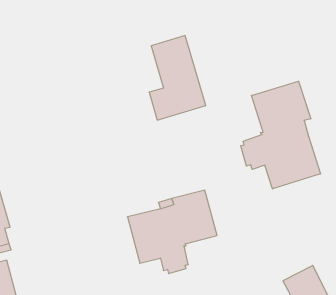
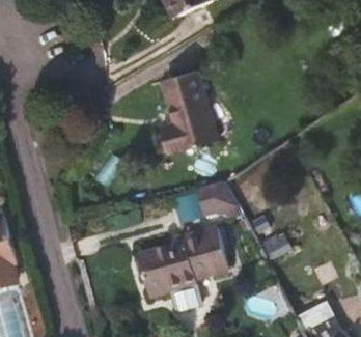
building: [241,81,321,189] -> none
building: none -> [193,181,235,216]

